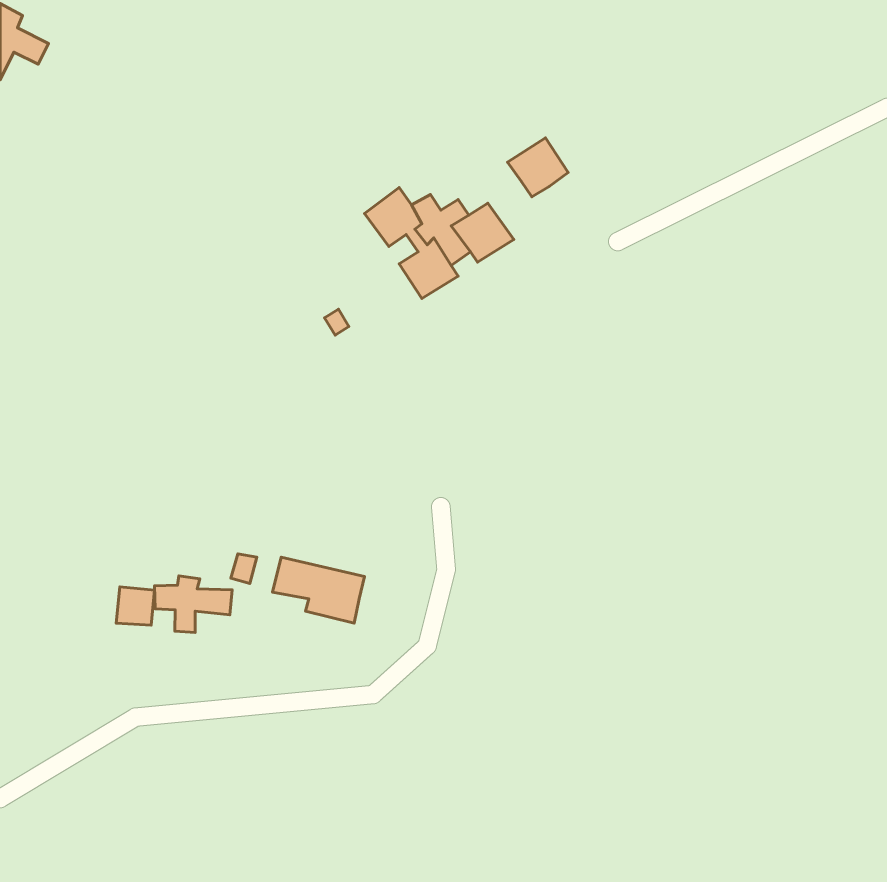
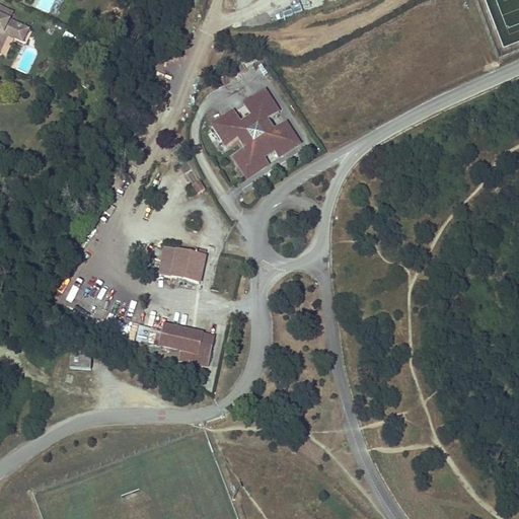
building: [507,138,568,197] -> [243,88,279,123]
building: none -> [157,245,206,282]
building: [154,576,232,633] -> none

